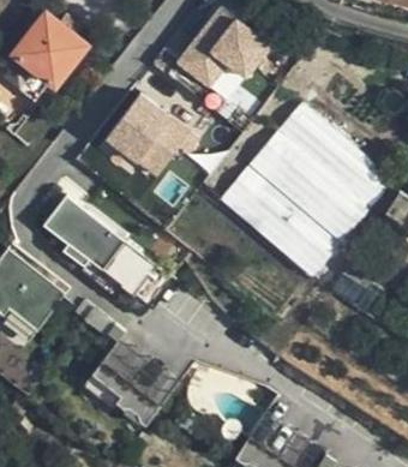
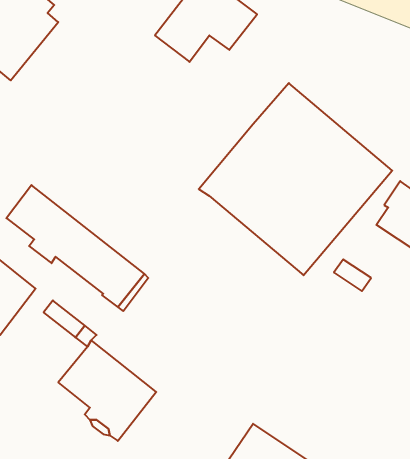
building: [107,95,190,176] -> none

